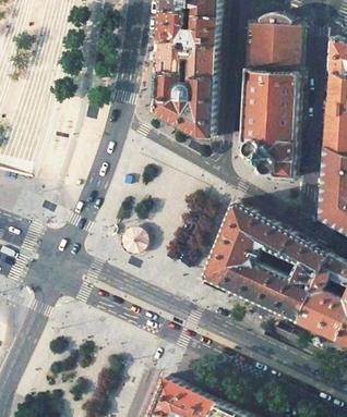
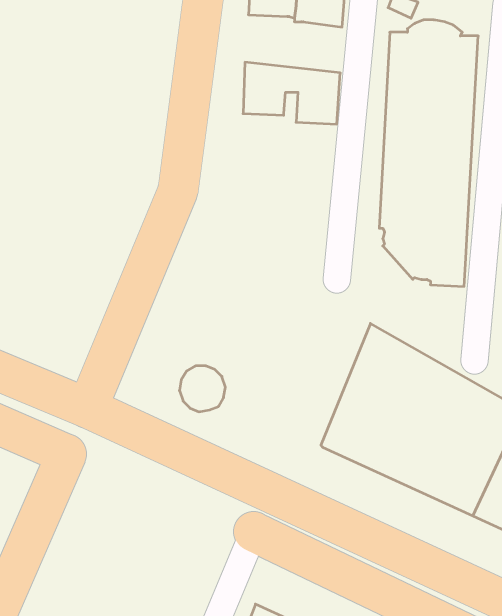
building: [156,12,216,48] -> none
building: [153,73,213,139] -> none

